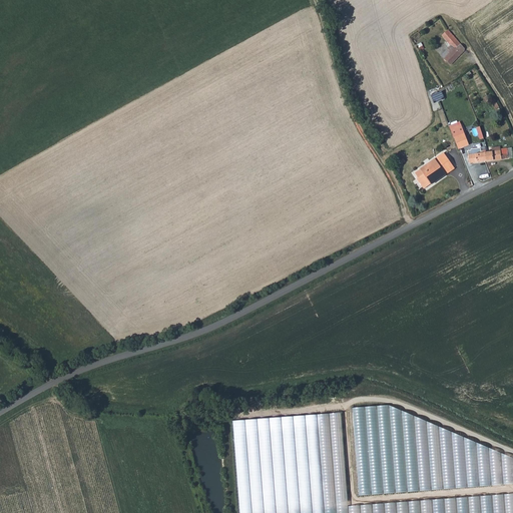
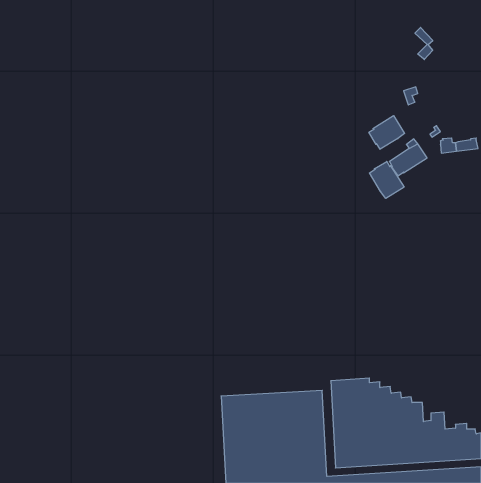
building: none -> [369,116,405,149]
building: none -> [369,161,404,198]

